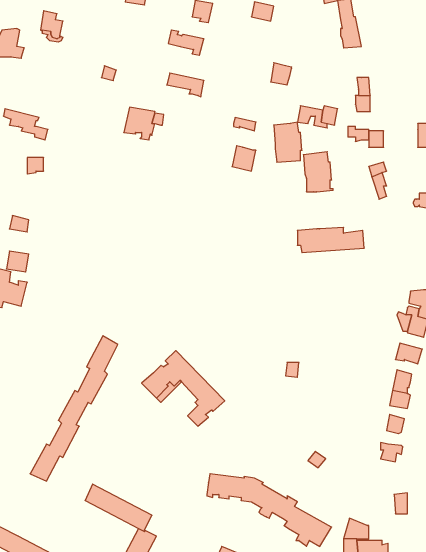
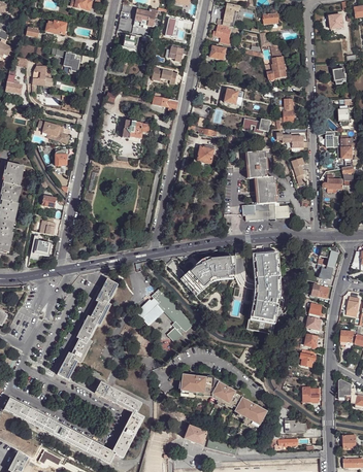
building: [274,122,302,162] -> [256,176,275,204]
building: none -> [246,254,270,318]
building: none -> [178,258,229,295]

